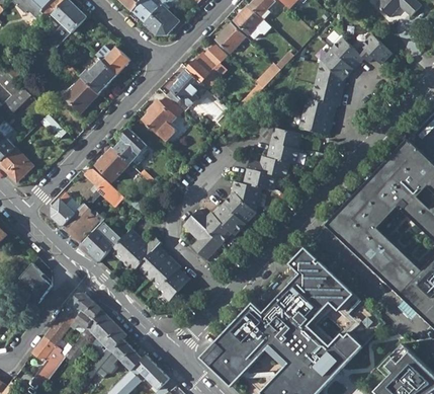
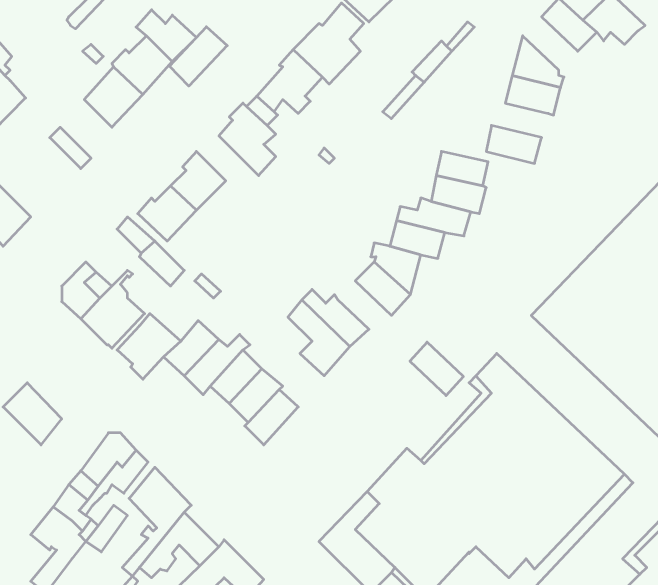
building: [321,49,353,80] -> none
building: none -> [170,27,227,86]
building: [302,98,336,120] -> none
building: [212,204,244,235] -> [410,342,463,396]

